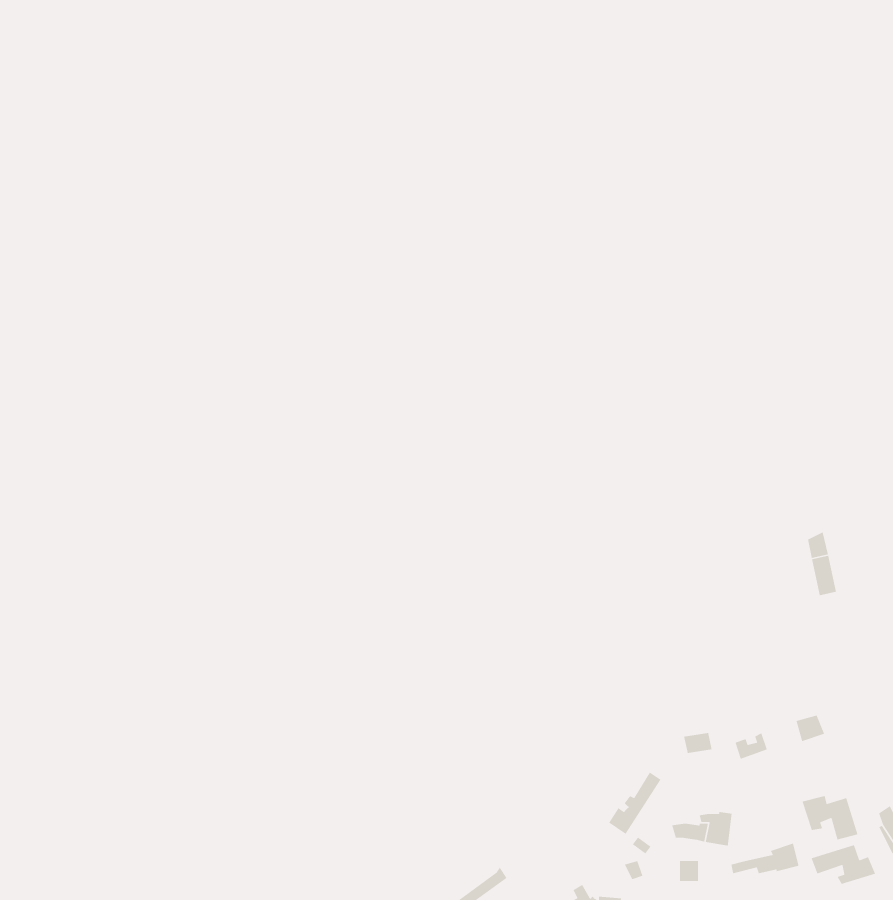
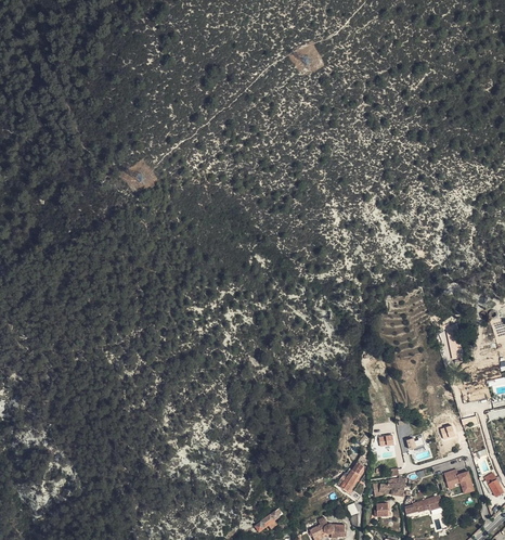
building: [810,844,876,885] -> none

